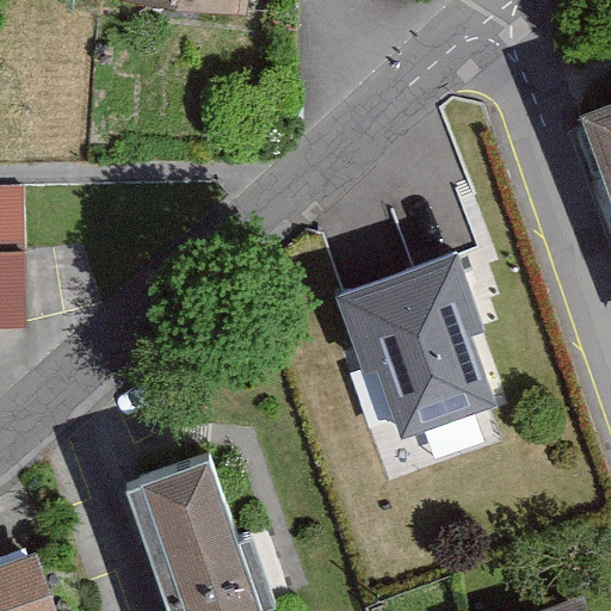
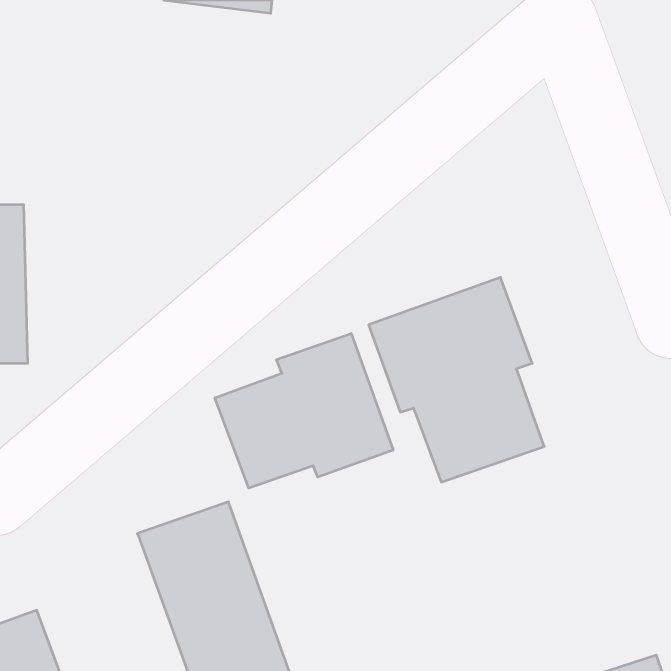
building: none -> [215,333,393,488]

